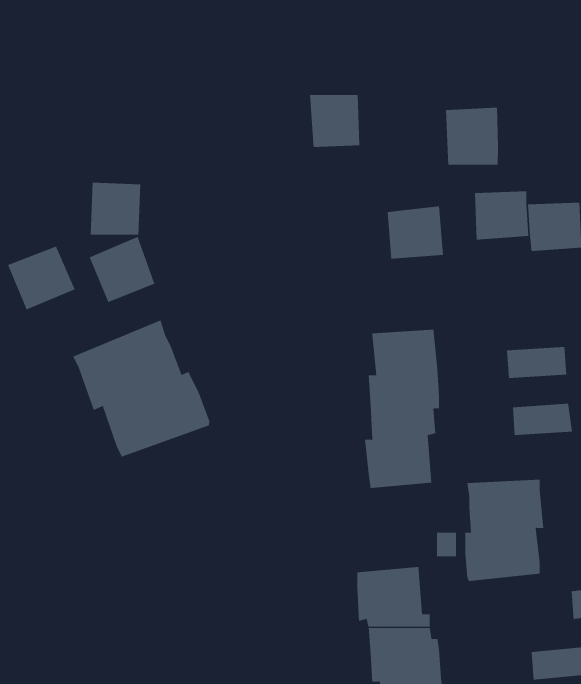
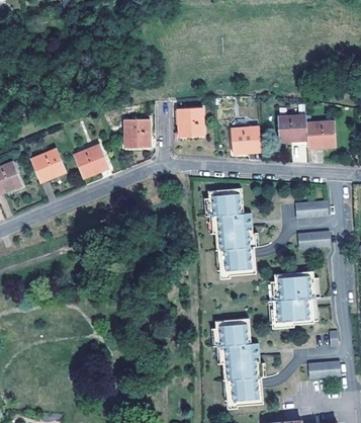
building: [309,94,360,148] -> [176,105,203,134]
building: [446,107,499,166] -> none
building: [90,182,141,235] -> [121,116,149,145]
building: [73,319,210,457] -> none

